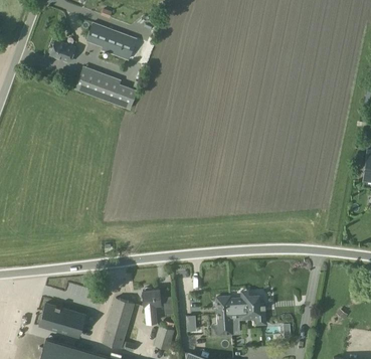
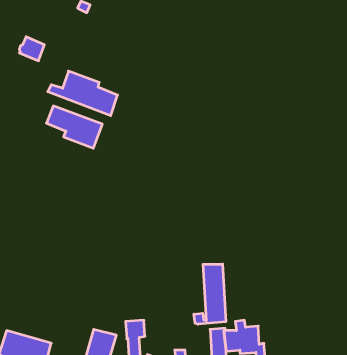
building: [86,24,136,61] -> [46,106,102,148]
building: none -> [194,264,226,324]

